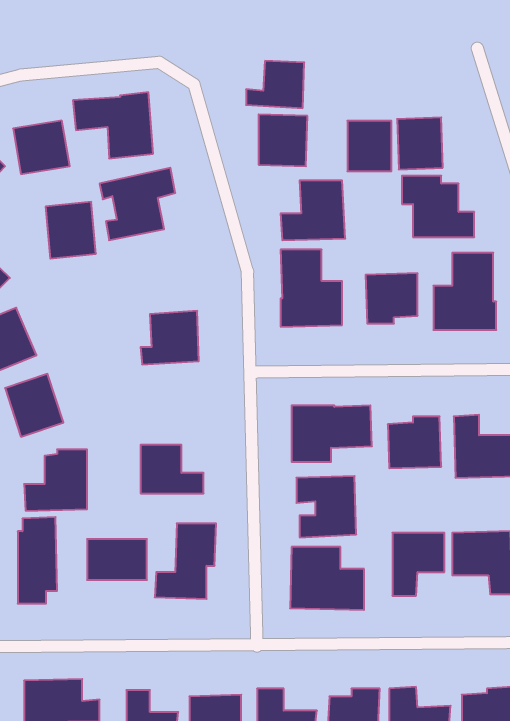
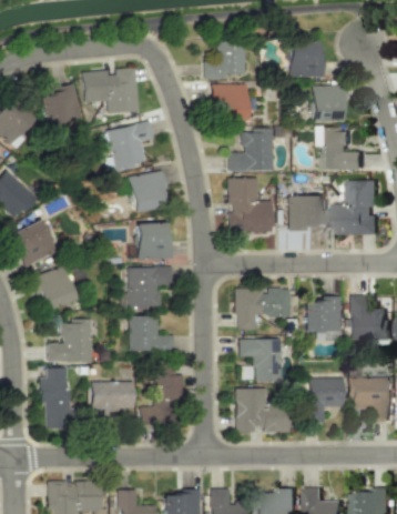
building: [347,121,391,171] -> [288,40,319,75]
building: [46,202,96,259] -> [129,171,164,211]
building: none -> [120,266,172,309]

